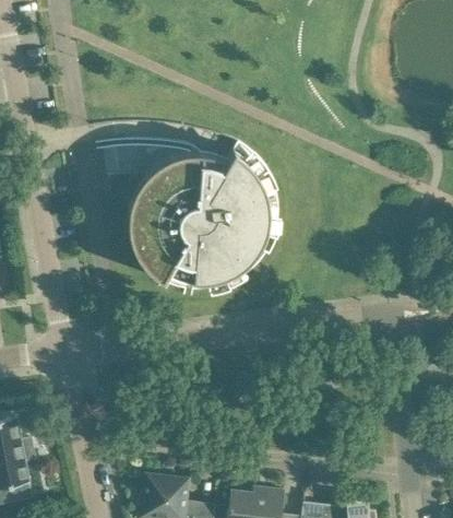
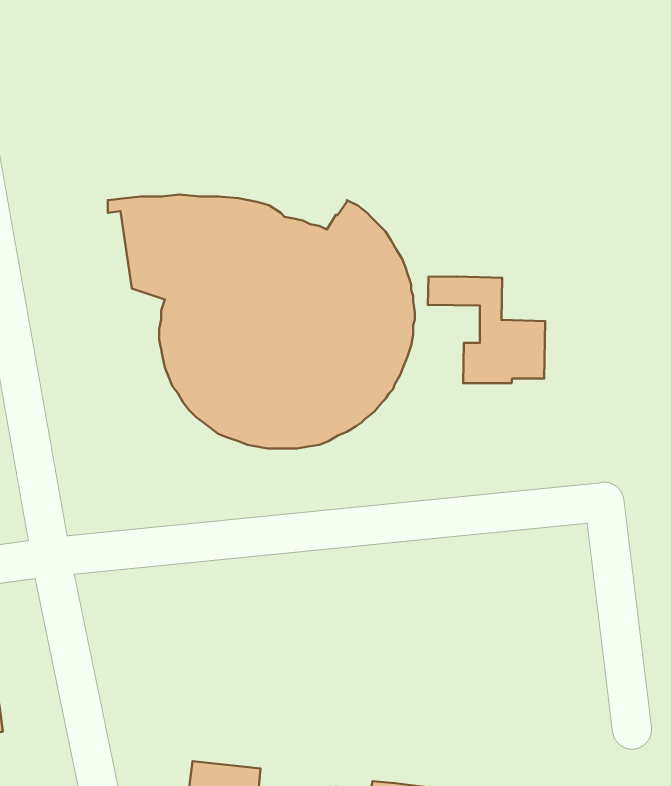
building: none -> [428,277,545,383]

